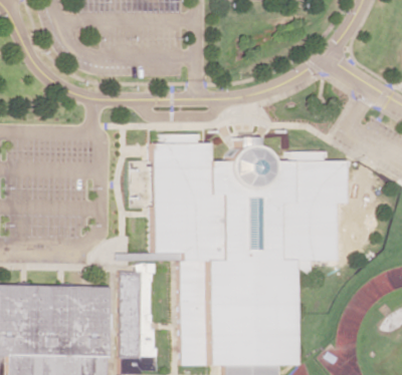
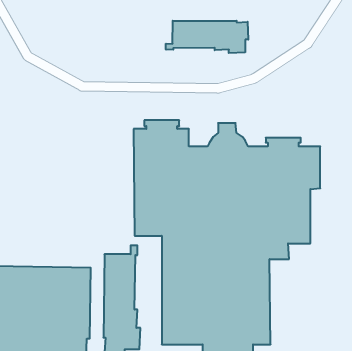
building: none -> [166,21,248,53]

